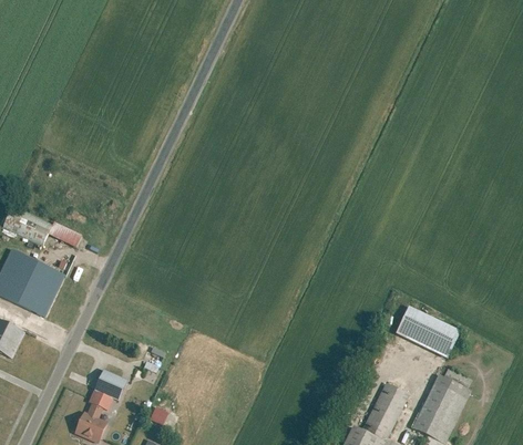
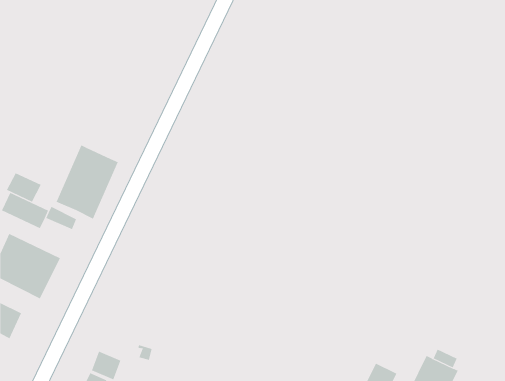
building: none -> [56,145,119,219]
building: none -> [6,172,41,203]
building: [393,306,459,356] -> none

